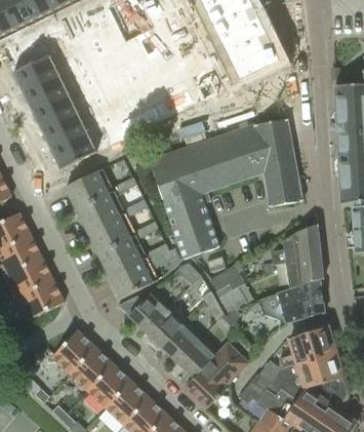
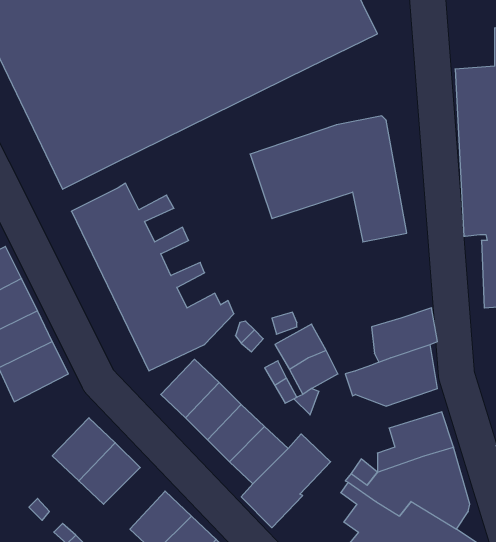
building: [149,146,217,259] -> none
building: [270,215,318,267] -> none
building: [88,365,131,408] -> none

